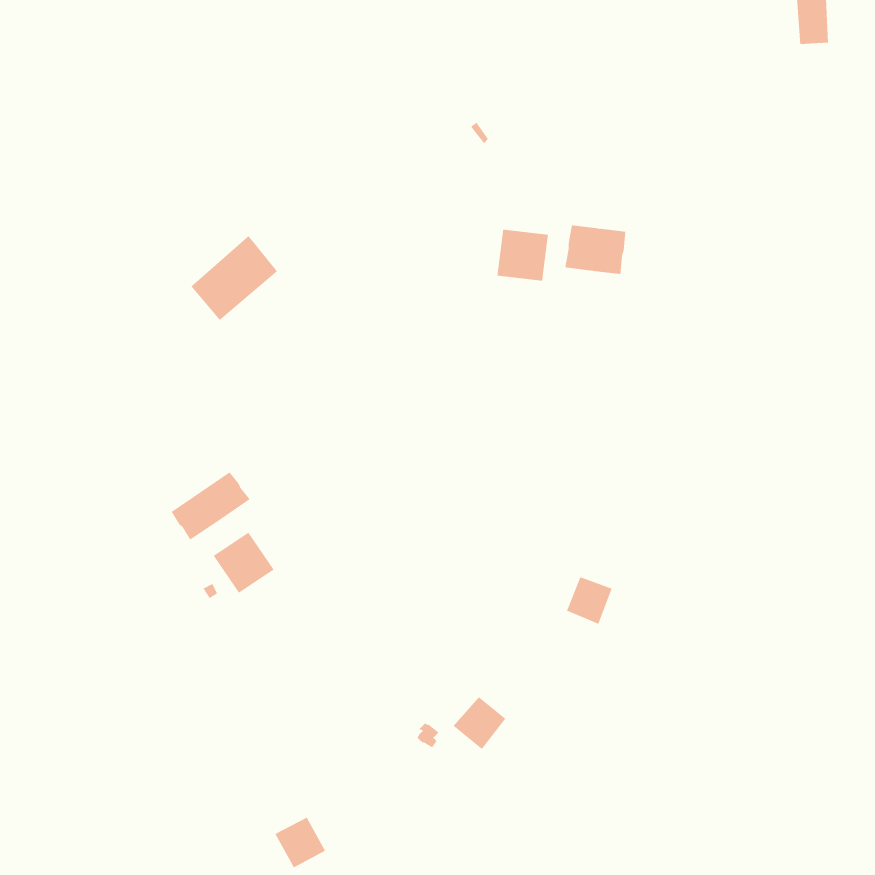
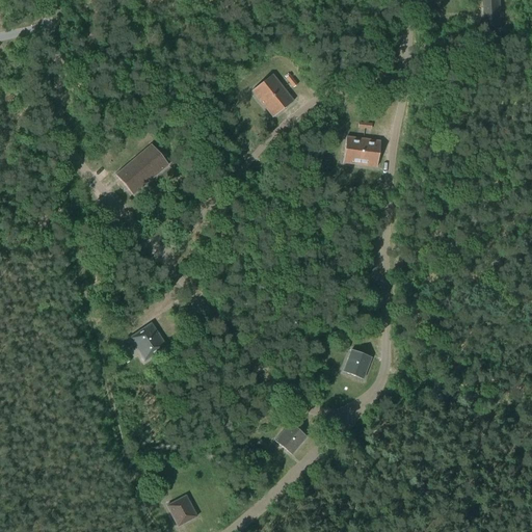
building: none -> [252,74,294,116]
building: [497,229,549,281] -> none
building: [171,472,251,540] -> none

